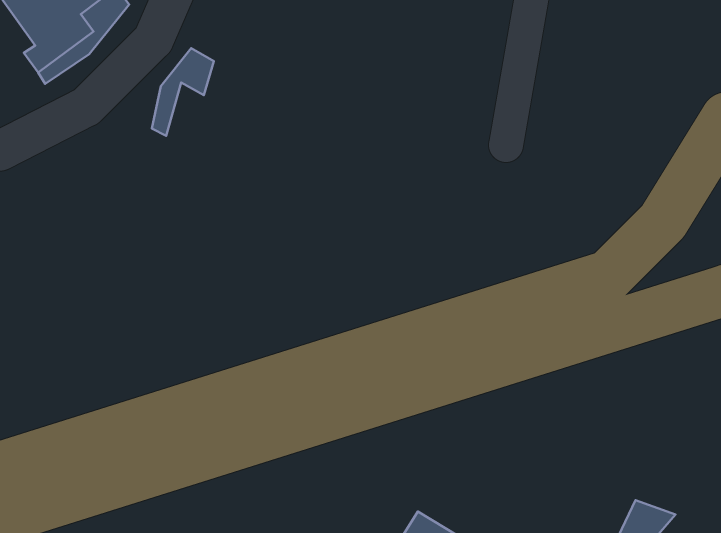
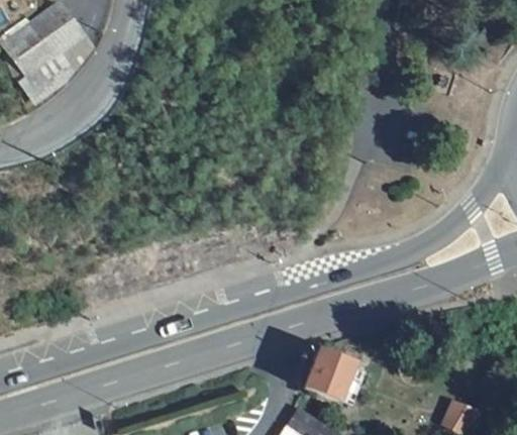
building: [152,48,214,136] -> none
building: none -> [304,347,353,401]

